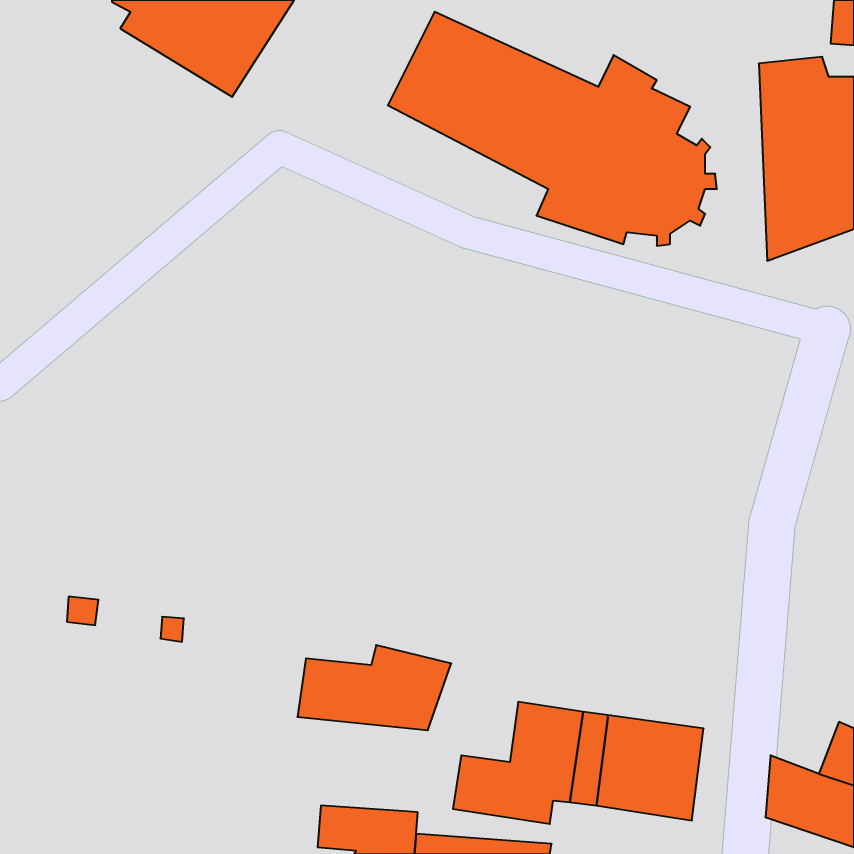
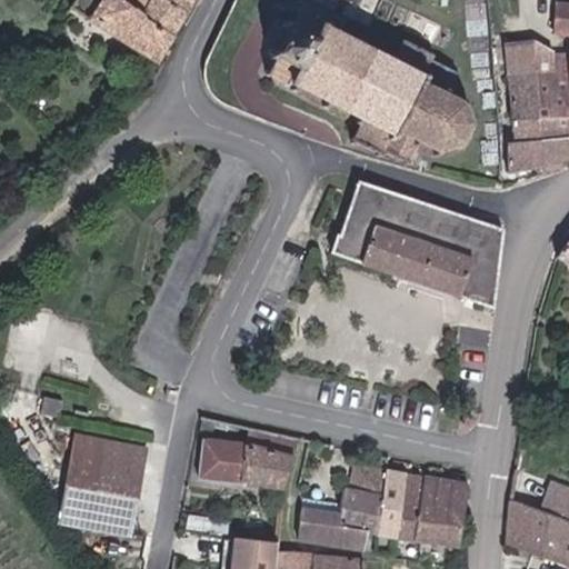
building: none -> [333,182,505,307]
building: none -> [64,436,148,530]

